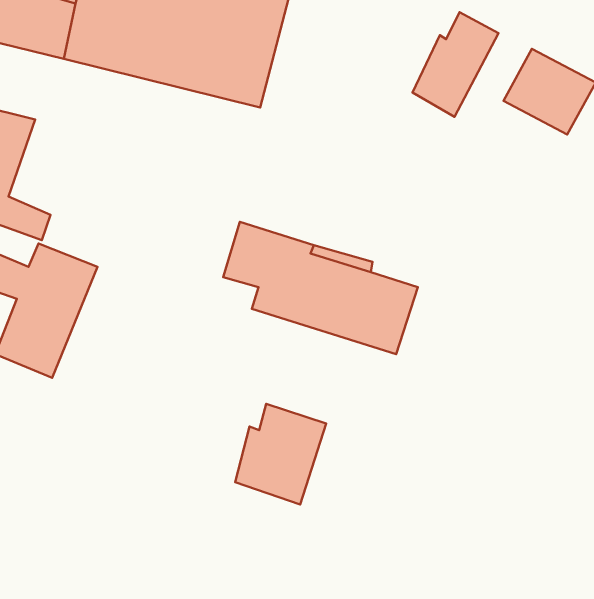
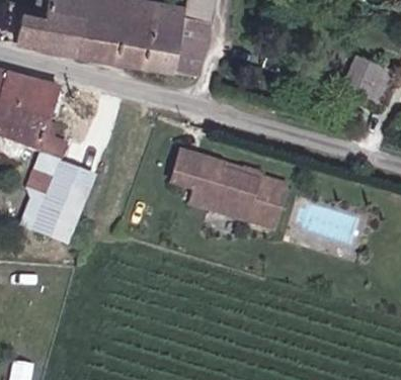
building: [412,12,499,117] -> none
building: [235,404,326,504] -> none

